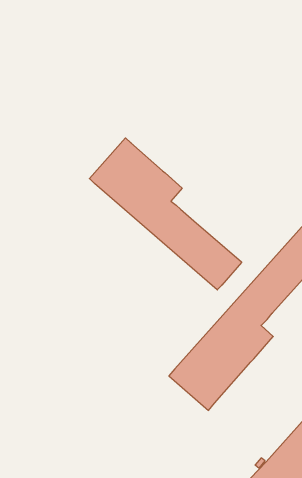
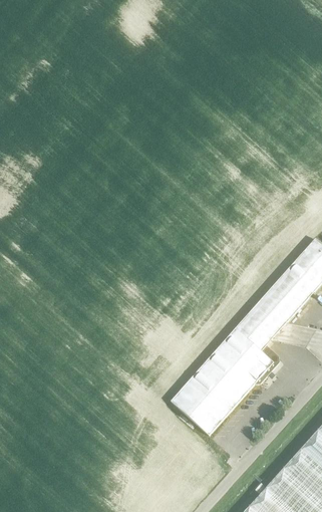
building: [89,138,241,290] -> none

